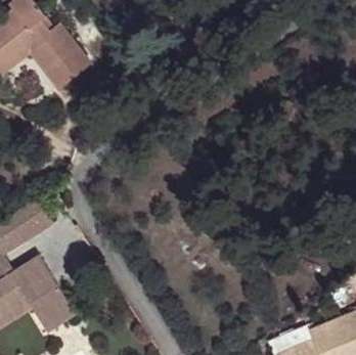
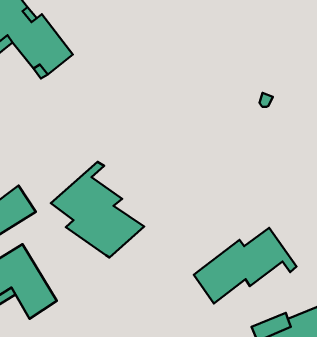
building: none -> [51,162,144,257]
building: none -> [194,228,296,303]

